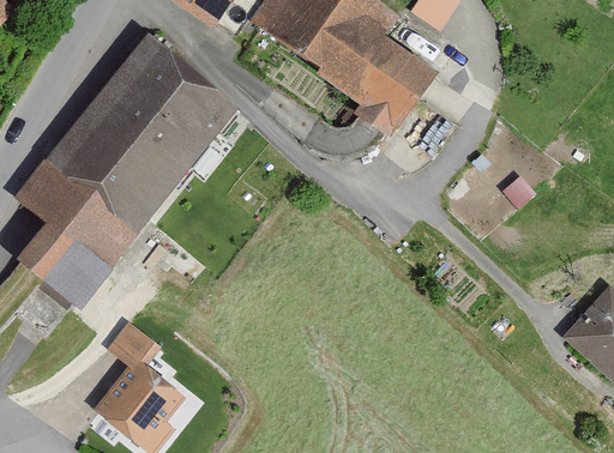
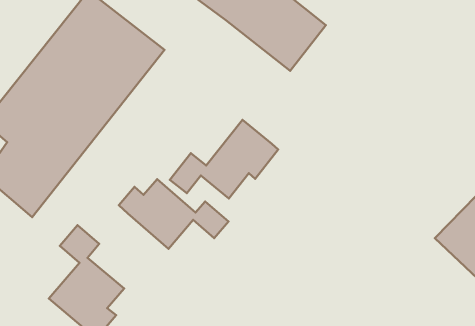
building: none -> [170,120,278,198]
building: none -> [119,179,228,249]

